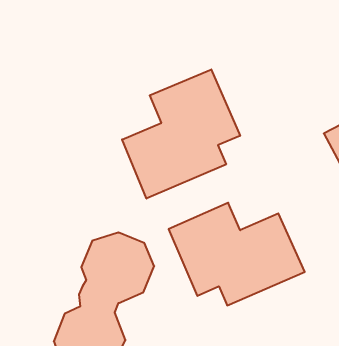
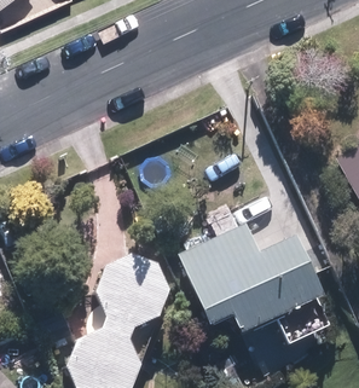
building: [122,69,240,199] -> none

